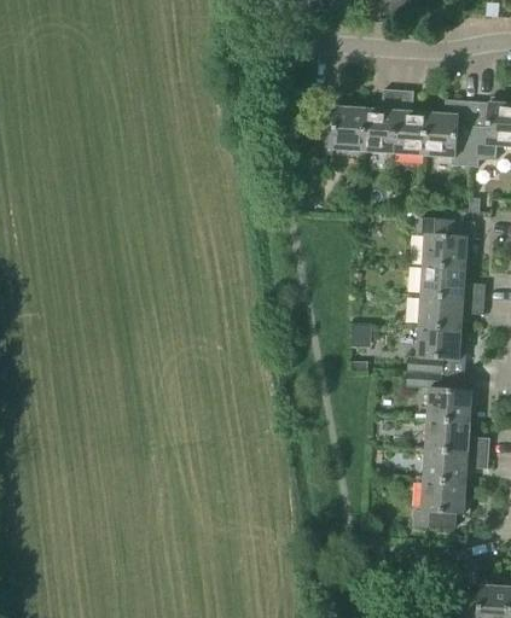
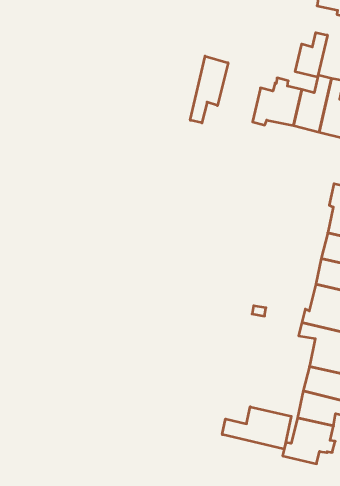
building: none -> [295,33,327,77]
building: none -> [190,56,228,123]
building: none -> [222,407,291,449]

